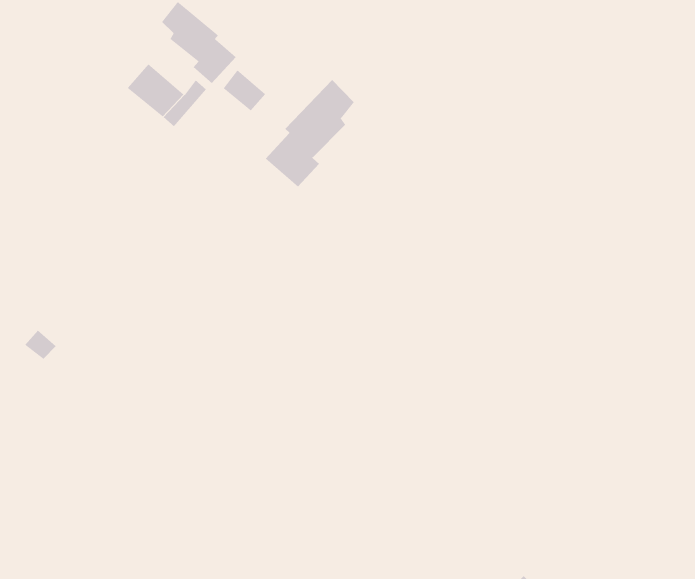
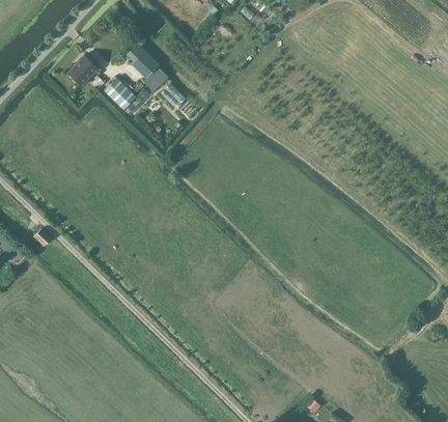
building: none -> [68,55,99,85]
building: [265,79,354,187] -> none

